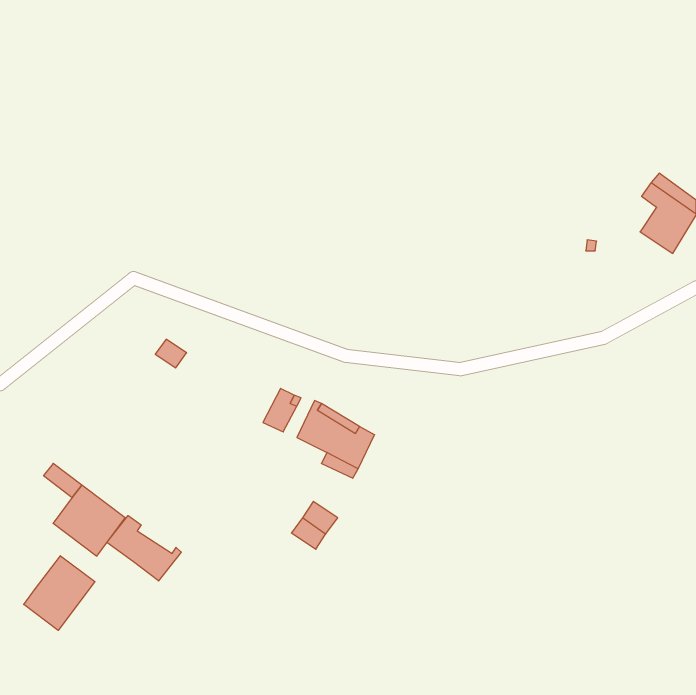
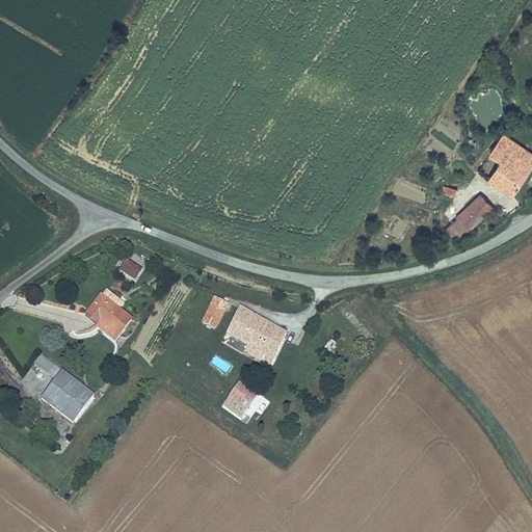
building: none -> [444,190,489,236]
building: none -> [84,293,133,342]
building: [107,516,181,581] -> none
building: [24,556,95,630] -> none

